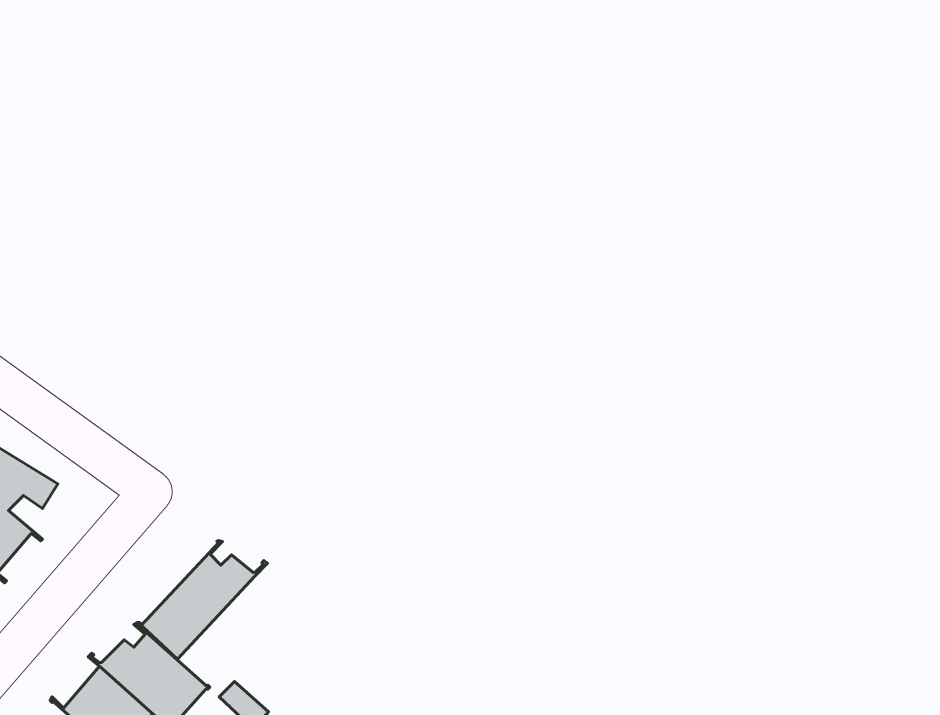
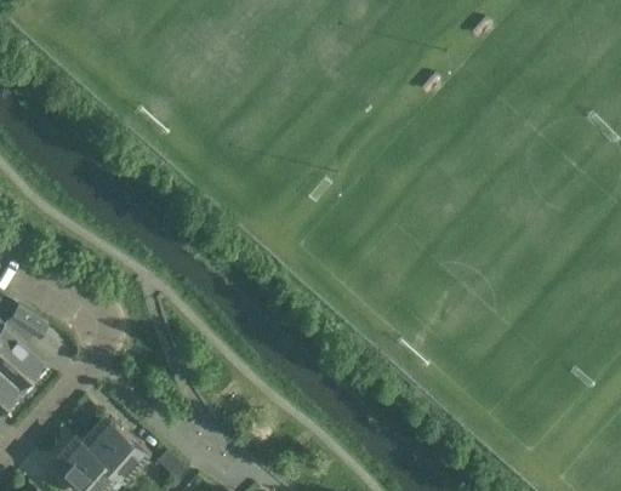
building: [139,541,267,659] -> none

